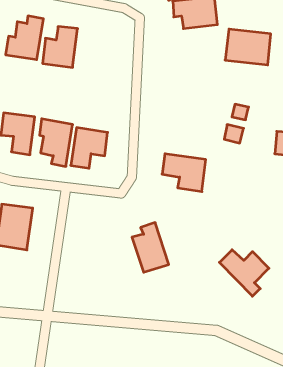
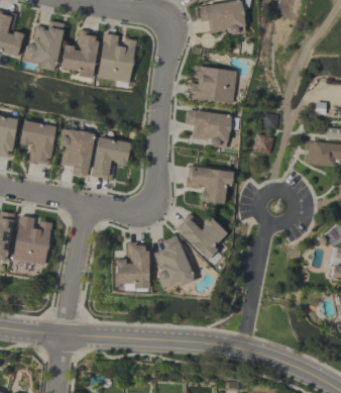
building: none -> [100,33,136,80]
building: [225,29,271,65] -> [190,64,237,101]
building: none -> [190,109,233,148]
building: none -> [119,241,152,287]
building: [219,250,269,296] -> [179,213,230,262]

